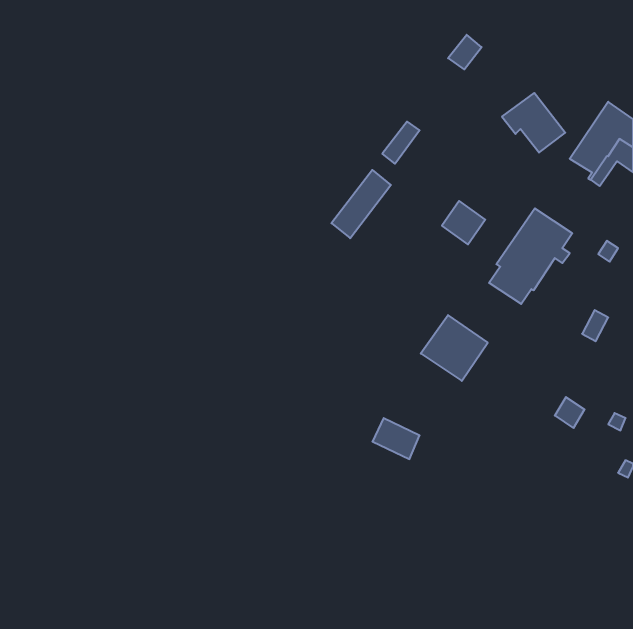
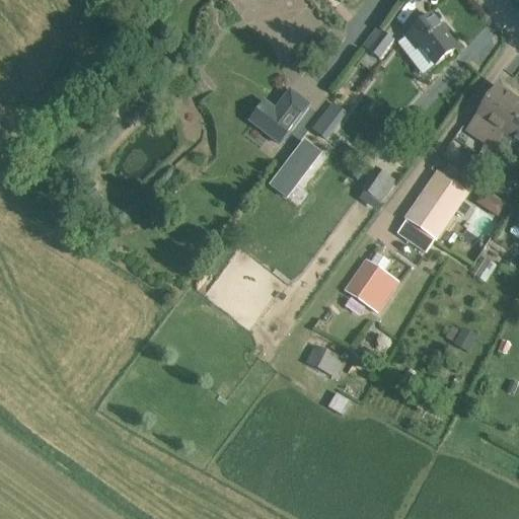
building: [502,93,565,153] -> [404,13,456,62]
building: none -> [258,92,305,142]

